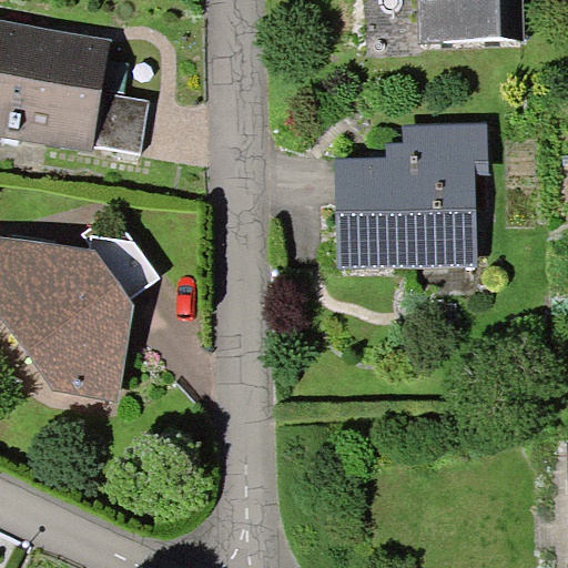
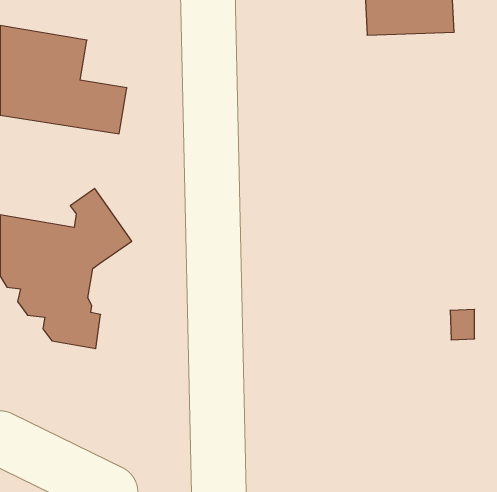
building: [334,126,484,265] -> none

